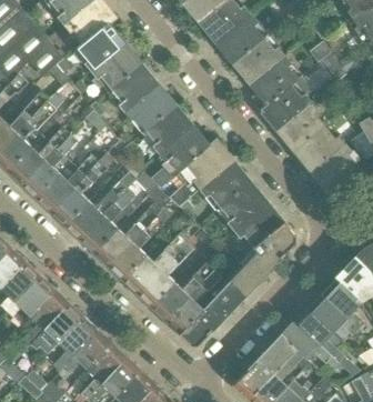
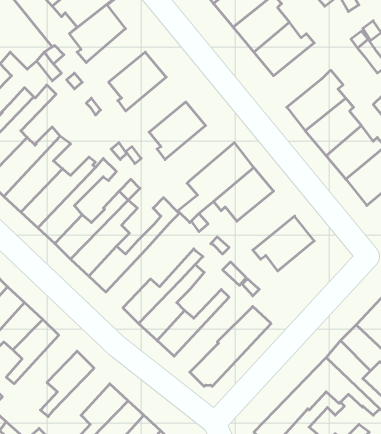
building: [91,42,141,89] -> none
building: [250,54,298,109] -> none
building: [124,83,175,130] -> none
building: [158,124,216,177] -> none
building: [219,180,268,230] -> none
building: [108,207,171,279] -> none
building: [232,222,295,292] -> none
building: [165,270,219,333] -> none
building: [30,302,83,349] -> none
building: [63,330,111,371] -> none

